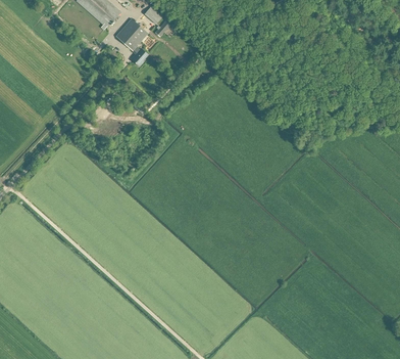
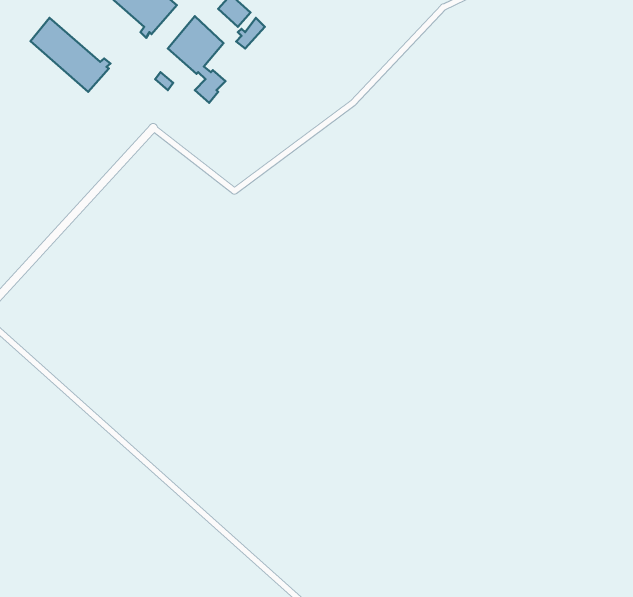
building: none -> [31,18,111,92]

